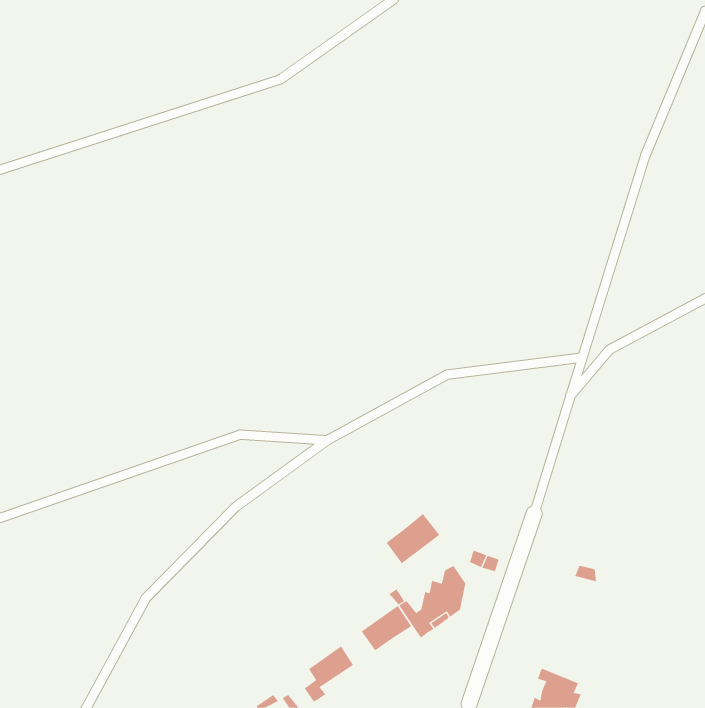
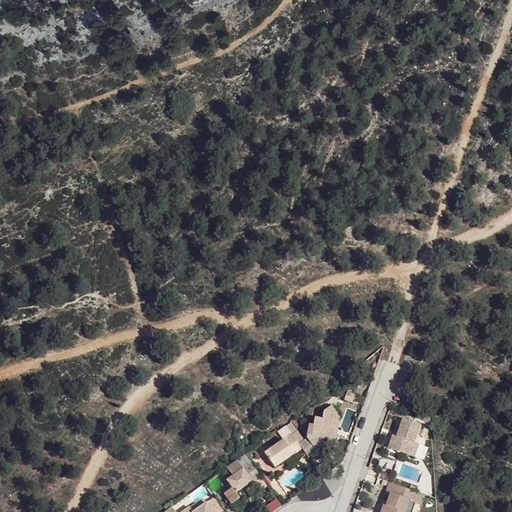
building: [386,513,440,564] -> none
building: none -> [389,417,421,454]

